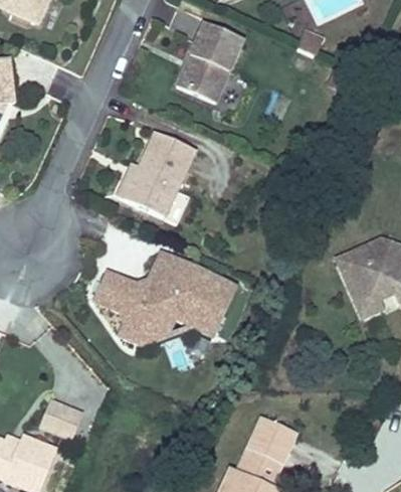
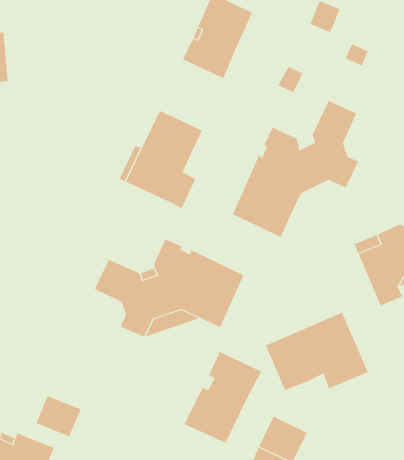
building: none -> [232,100,359,238]
building: none -> [265,312,369,391]
building: none -> [184,351,262,444]

